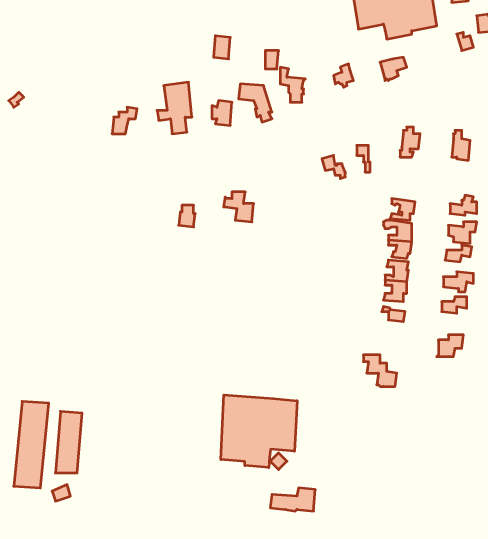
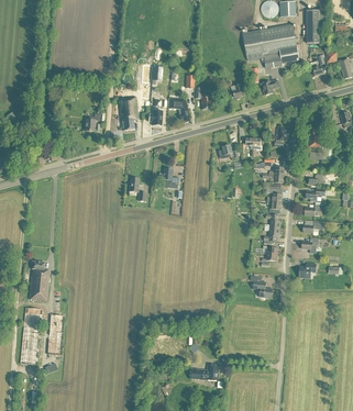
building: none -> [29,260,48,300]
building: [221,395,297,468] -> none

